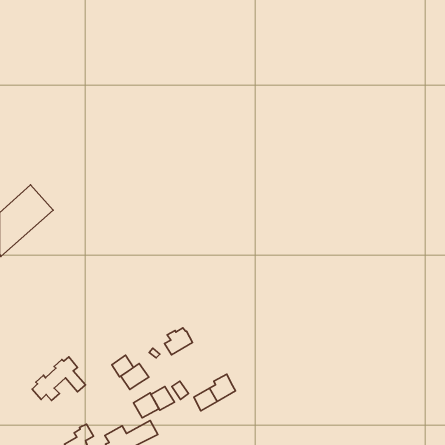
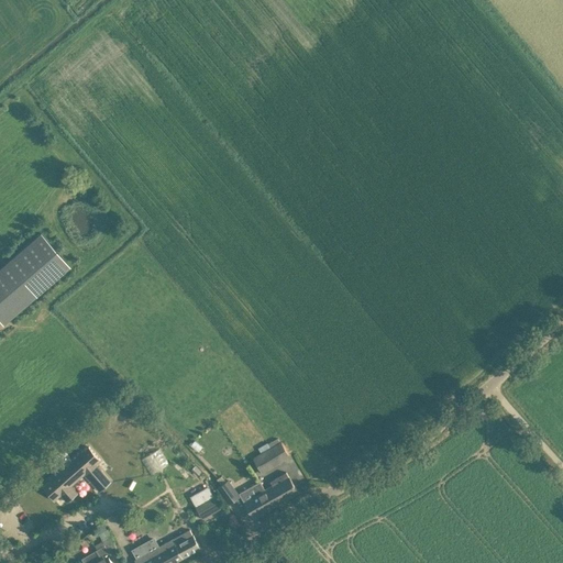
building: [165,328,193,355] -> [253,439,288,473]
building: [121,364,149,389] -> none
building: [133,393,159,418] -> none

